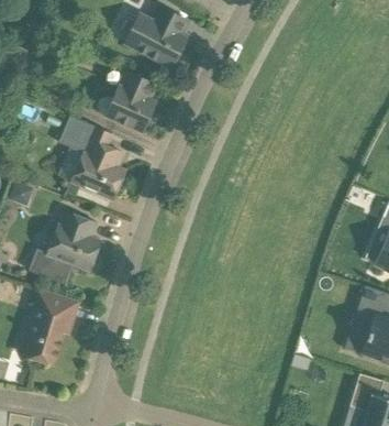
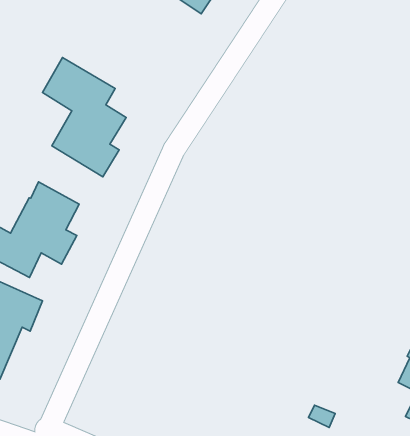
building: [98,70,156,132] -> none

